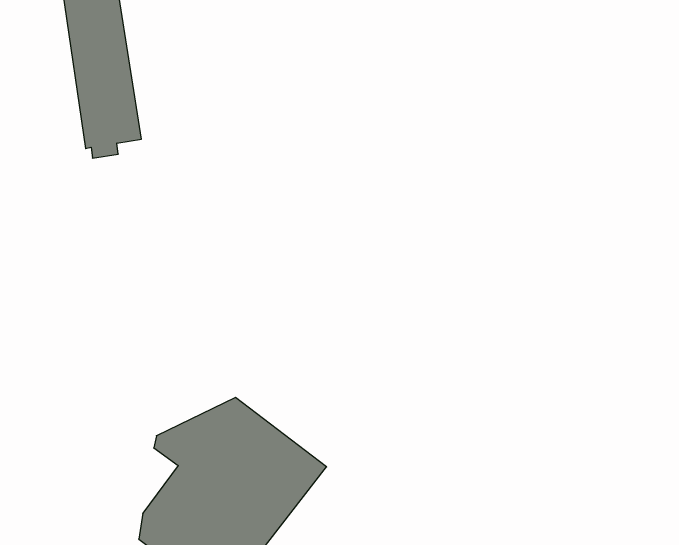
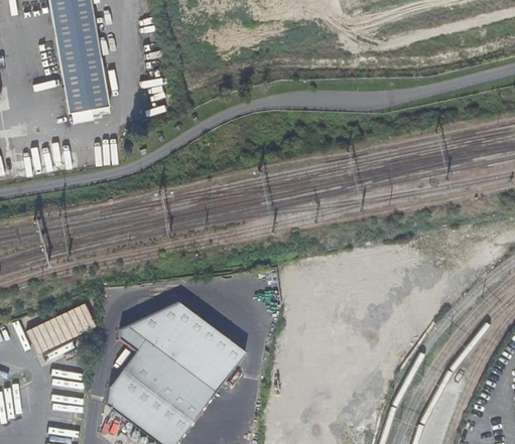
building: none -> [26,304,94,354]

